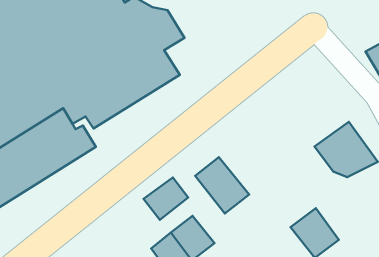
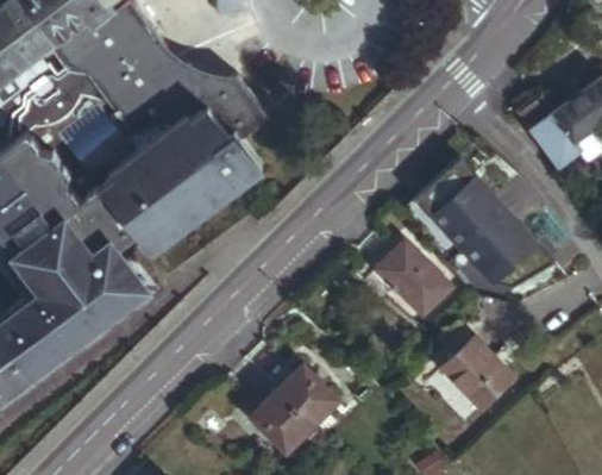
building: none -> [415,161,507,252]
building: [195,157,249,213] -> [376,240,453,318]
building: [144,177,188,220] -> none

